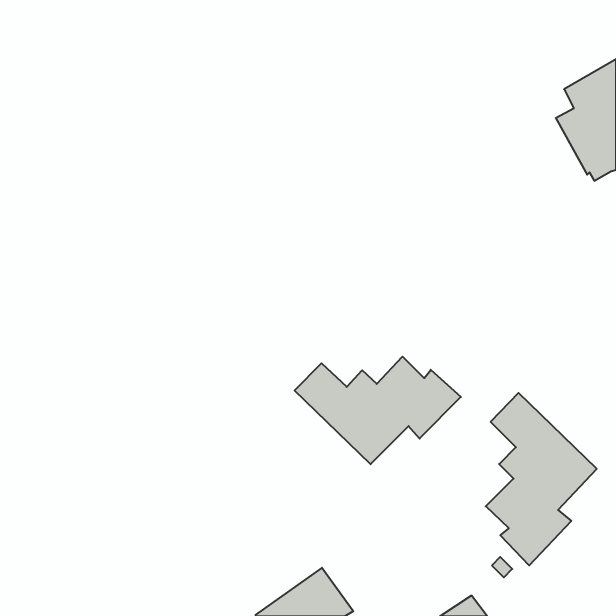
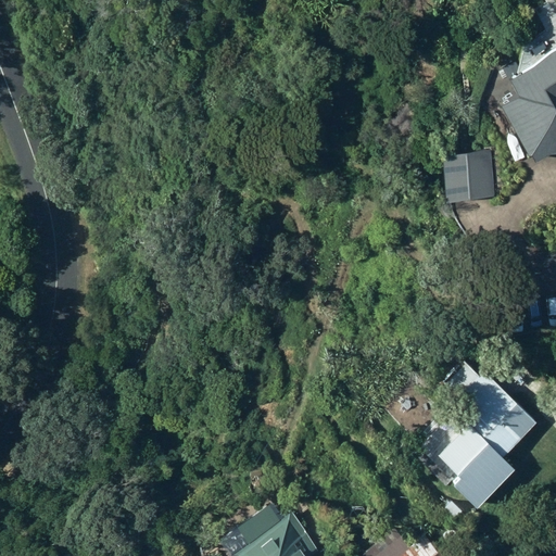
building: none -> [441,149,494,201]
building: [295,357,461,464] -> none

